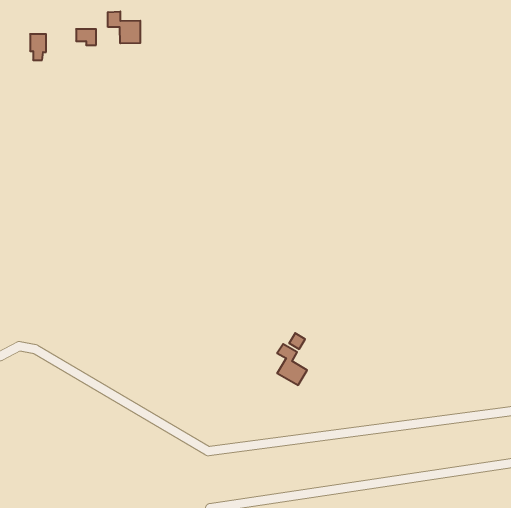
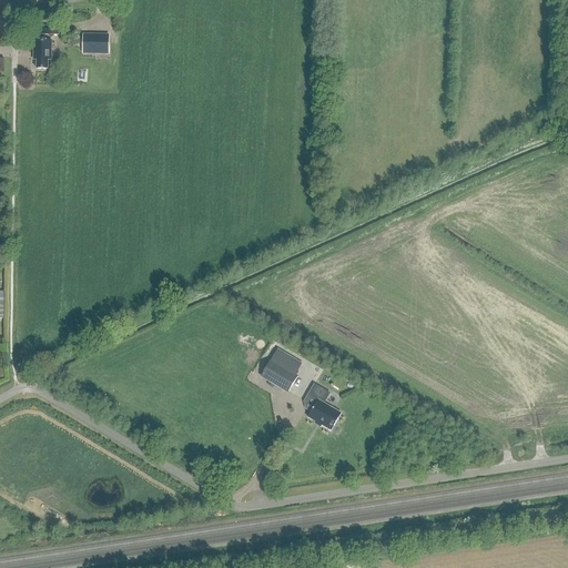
building: [108,11,140,43] -> none
building: none -> [261,357,298,390]

